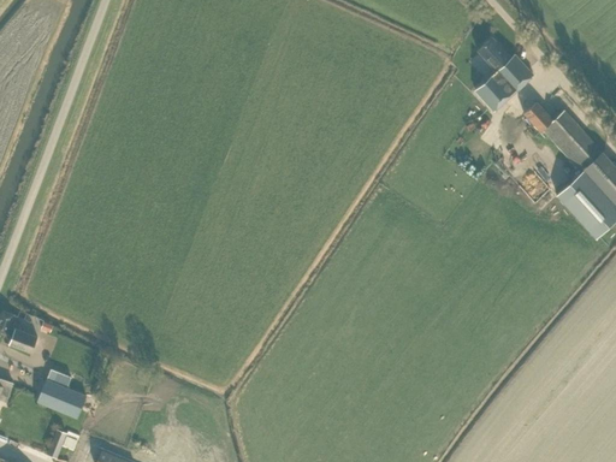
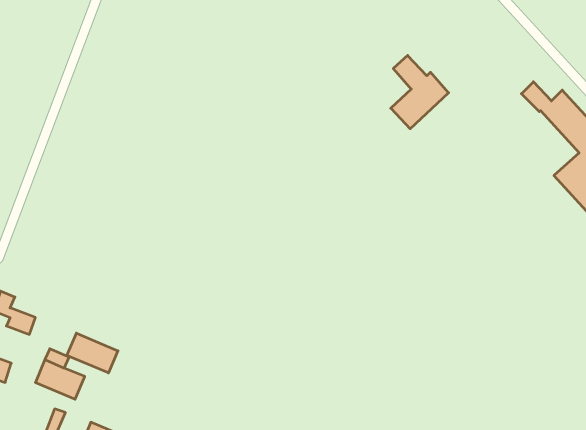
building: [475,38,533,112] -> [391,55,449,129]
building: none -> [67,333,118,373]

